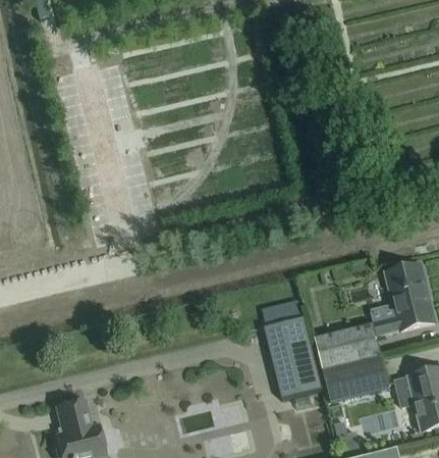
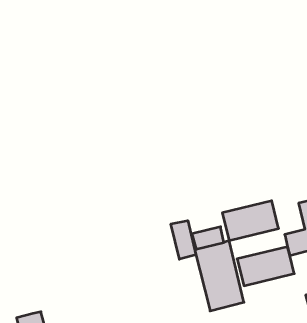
building: none -> [171,221,196,259]
building: [323,355,389,402] -> [222,201,279,241]

